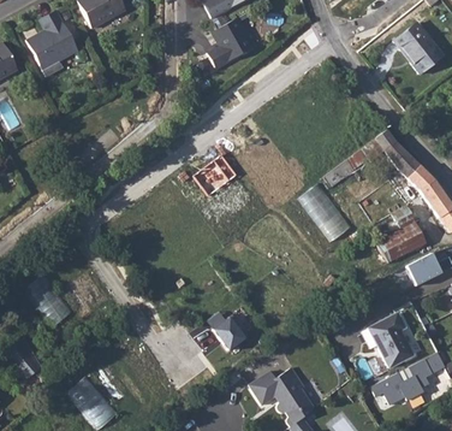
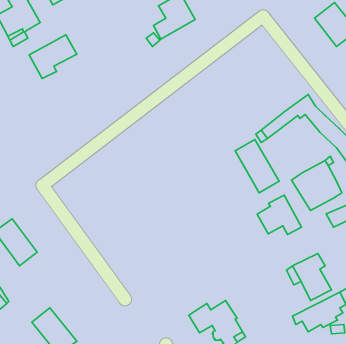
building: none -> [29,35,77,78]
building: [195,157,237,196] -> none
building: none -> [257,195,302,235]
building: [208,313,246,352] -> none

